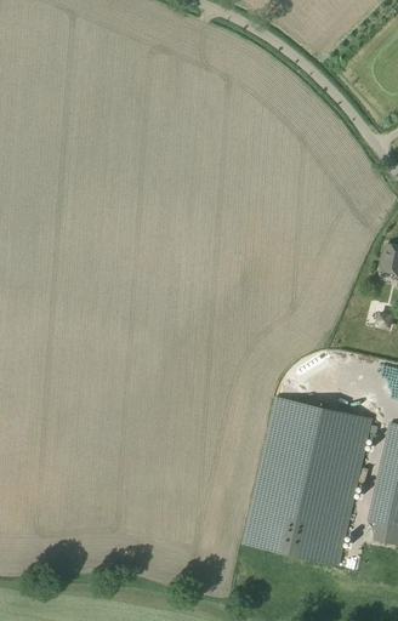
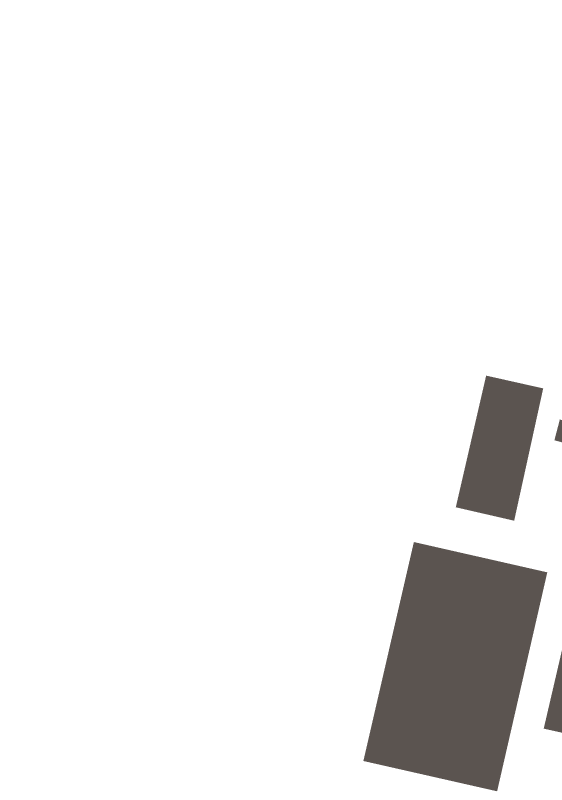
building: none -> [455,375,544,521]

